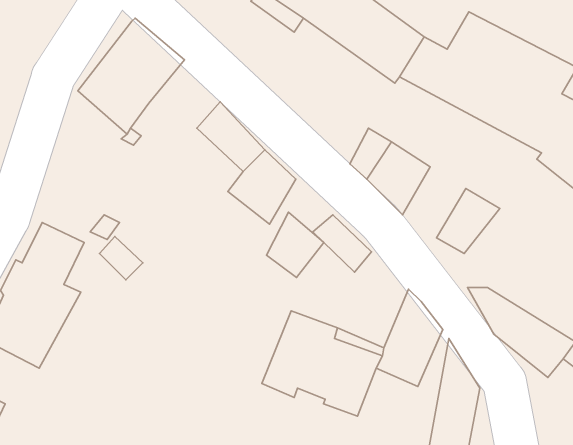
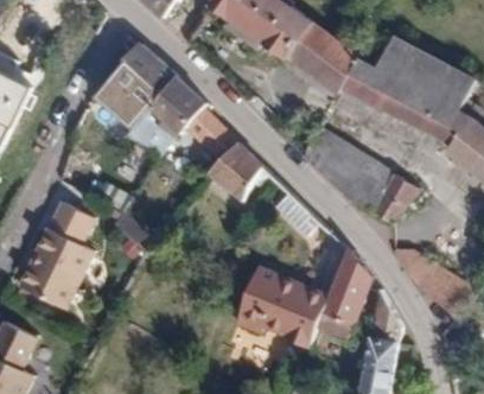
building: none -> [147,74,205,133]
building: none -> [342,155,390,210]
building: [266,212,324,278] -> none

